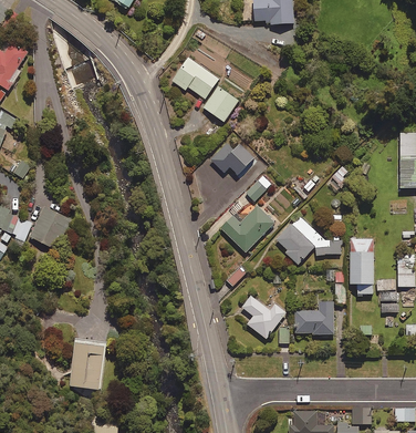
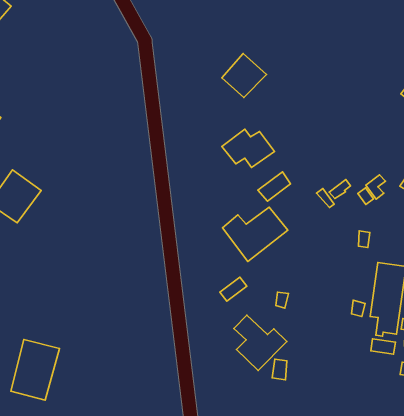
building: [170,58,217,99] -> none
building: [275,215,340,265] -> none
building: [294,300,333,334] -> none

